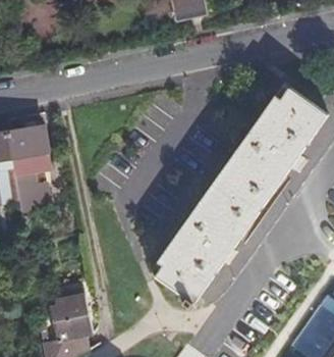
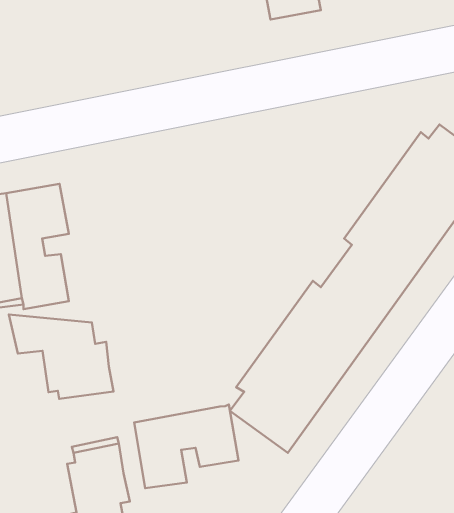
building: none -> [9,314,114,399]
building: none -> [134,405,239,488]

